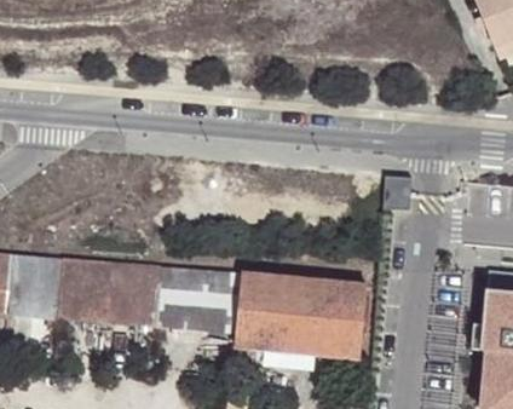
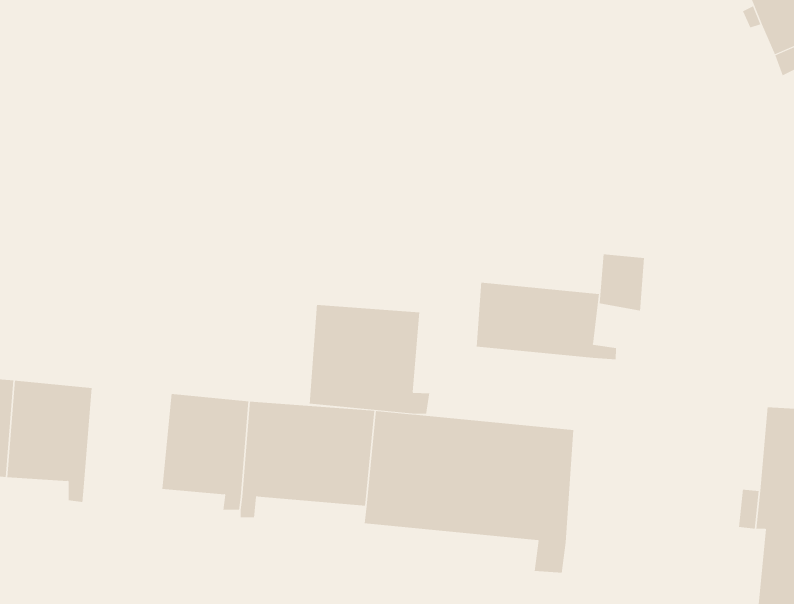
building: none -> [476,282,616,360]
building: none -> [309,304,430,414]
building: [57,258,113,332] -> none

